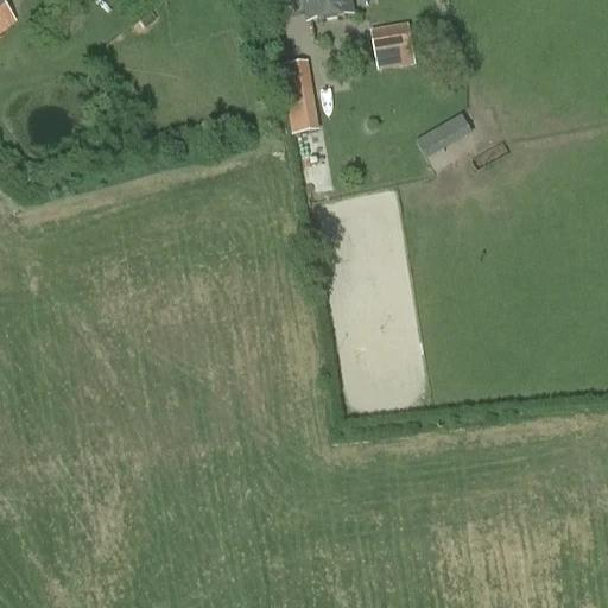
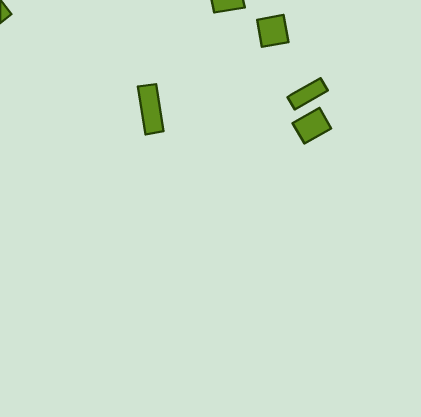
building: [281,59,318,132] -> [138,84,163,134]
building: none -> [293,108,331,144]

